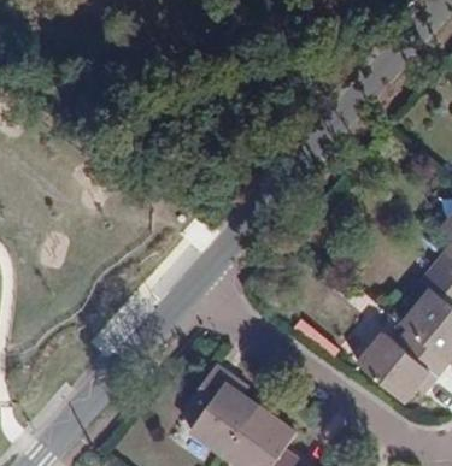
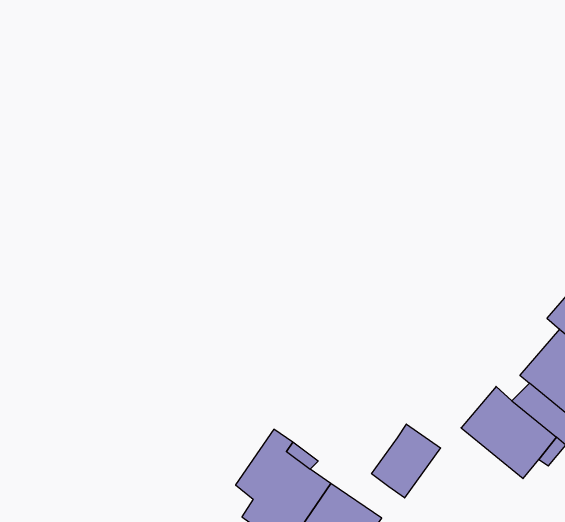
building: none -> [372,424,441,498]

